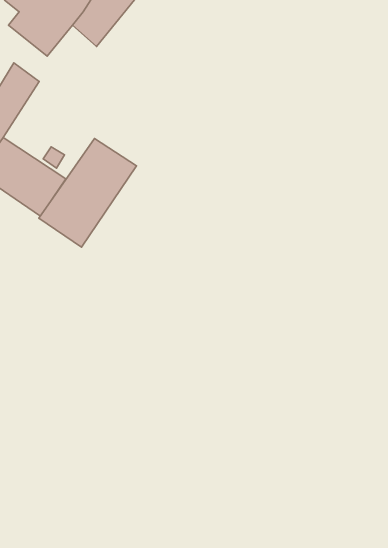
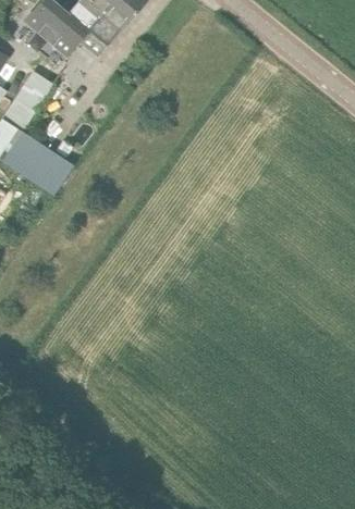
building: [39,139,136,247] -> none

